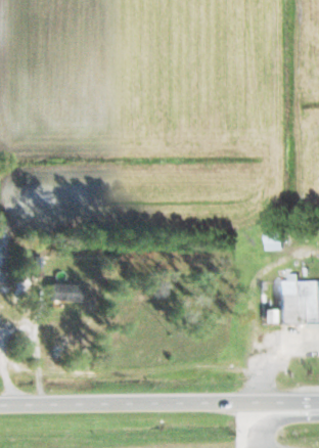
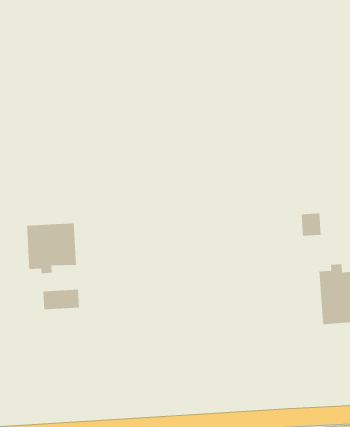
building: none -> [26,222,77,274]

